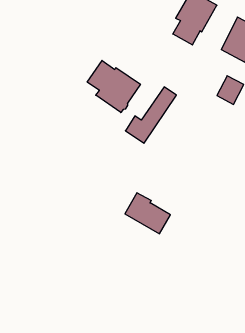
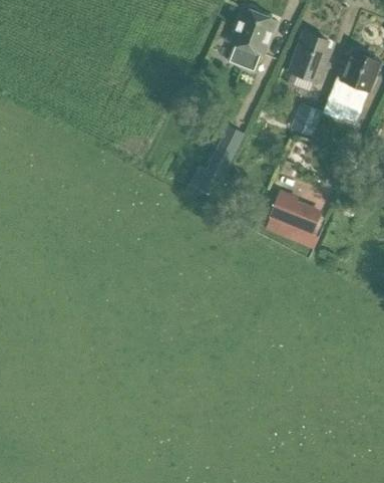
building: [87,60,140,113] -> none
building: [125,193,170,234] -> [268,191,322,236]

